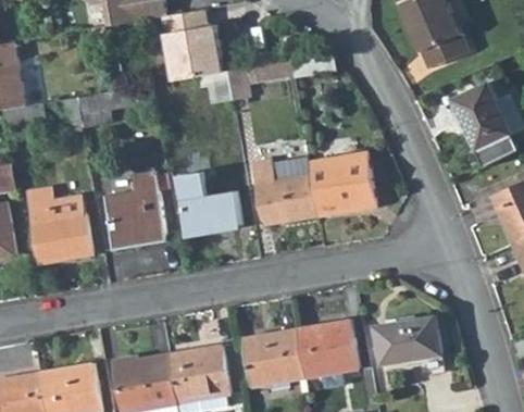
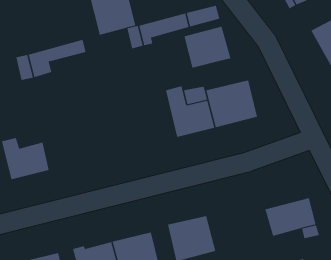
building: none -> [184,26,231,68]
building: [175,170,238,234] -> none
building: [103,172,165,249] -> none
building: [294,321,354,378] -> none

